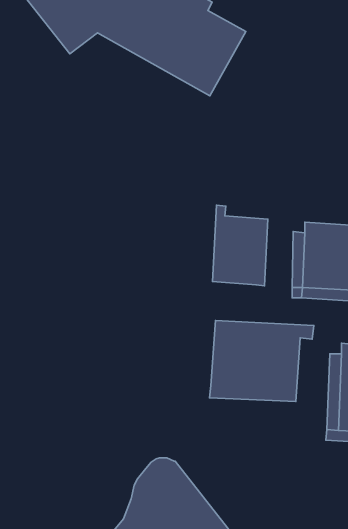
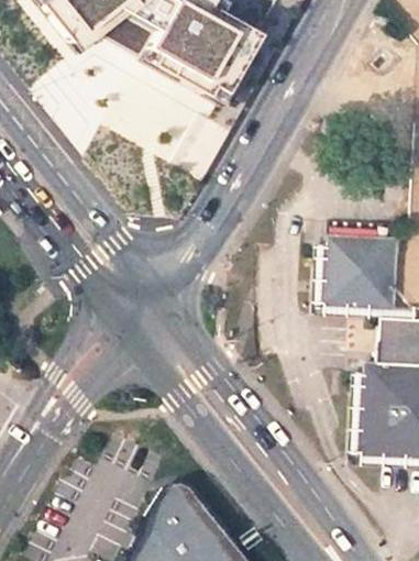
building: [212,205,268,286] -> none
building: [210,321,314,401] -> none

